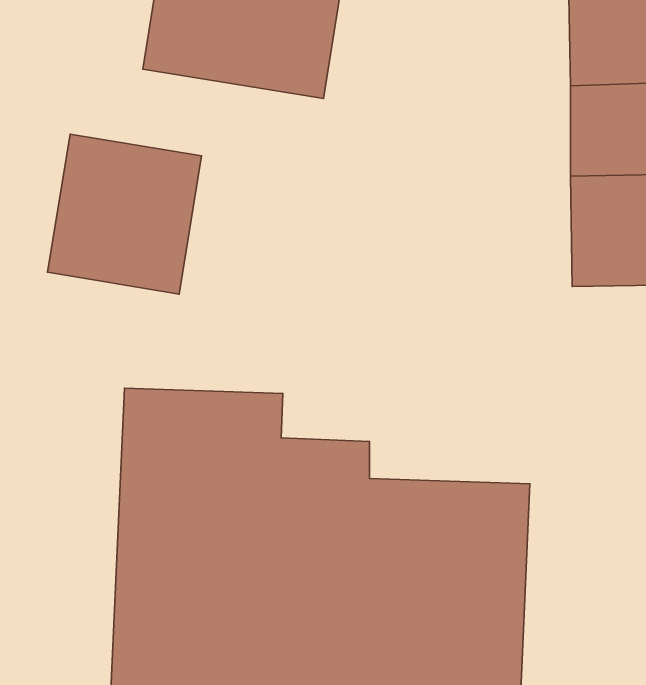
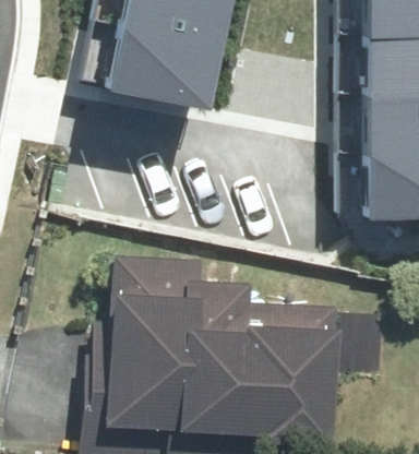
building: [48,134,202,294] -> none

